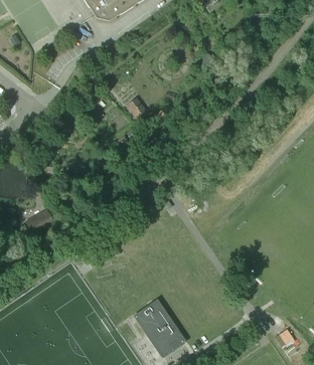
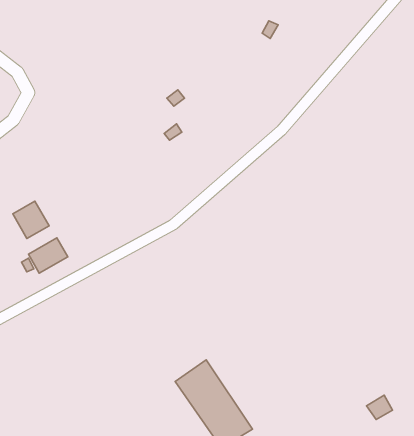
building: none -> [13,201,49,239]

